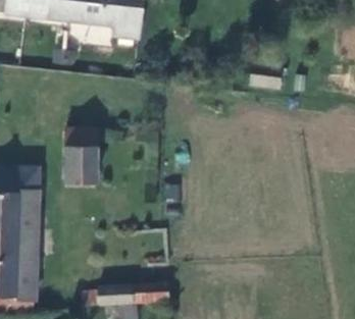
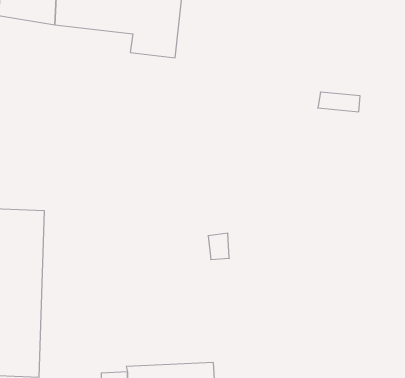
building: [65,128,92,184] -> none

